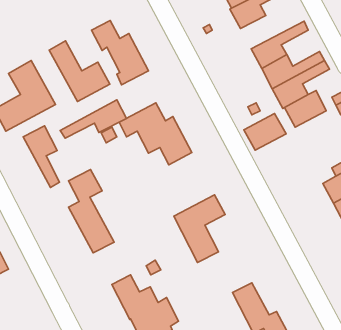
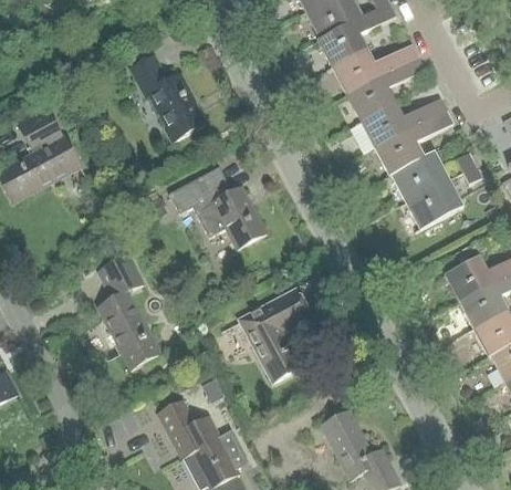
building: none -> [332,42,418,93]
building: [49,41,110,101] -> none
building: [60,100,126,138] -> none
building: [244,114,286,150] -> [406,177,463,227]
building: [23,126,60,188] -> none

